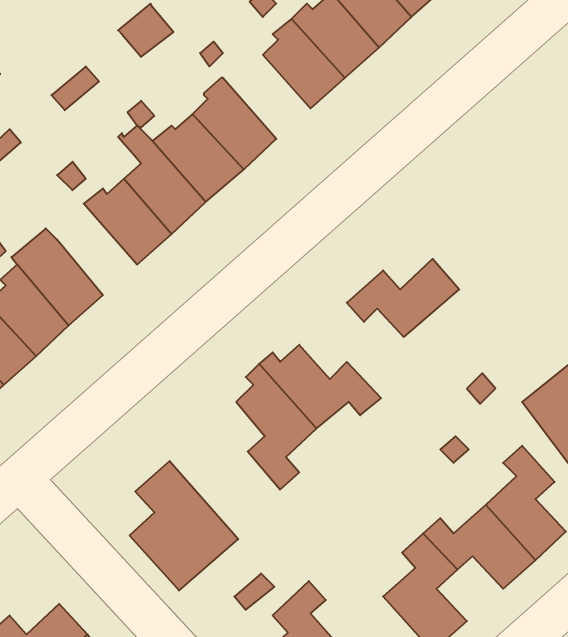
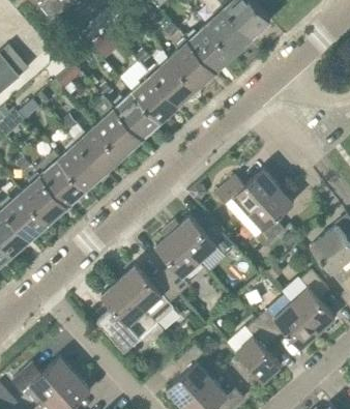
building: none -> [149,59,197,105]
building: none -> [59,140,103,189]
building: none -> [247,186,294,249]
building: none -> [120,265,180,322]

